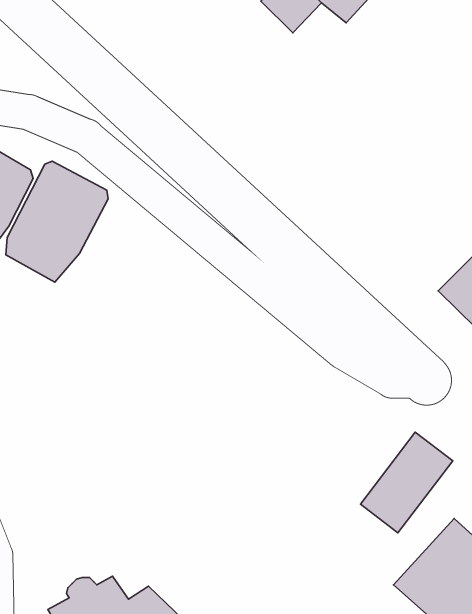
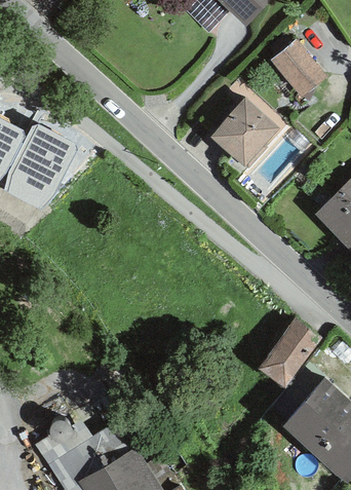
building: none -> [271,38,328,98]
building: none -> [210,98,280,167]

